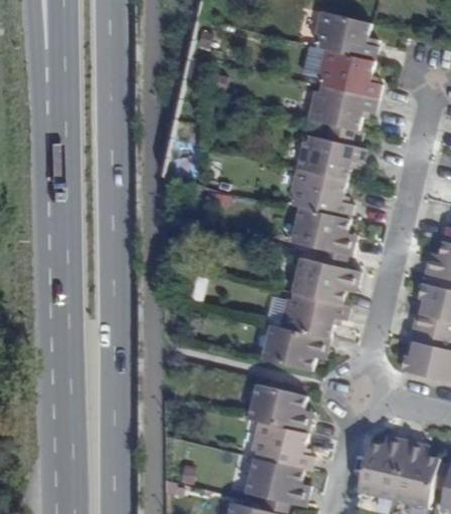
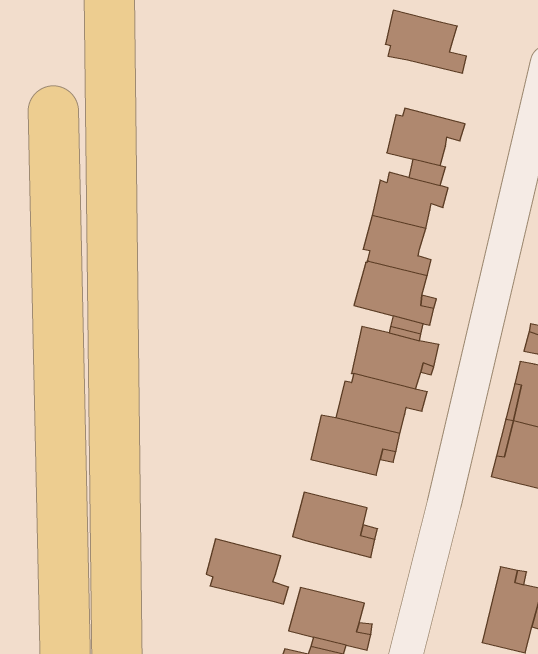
building: [327,50,382,99] -> none
building: [248,420,311,470] -> [206,539,289,604]
building: [356,436,405,498] -> none

